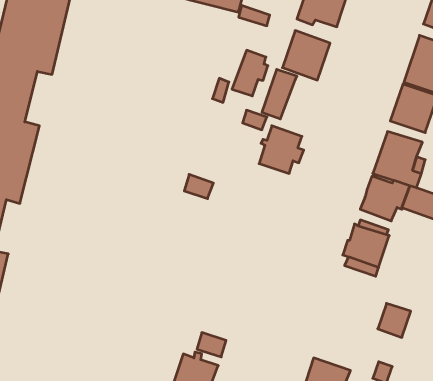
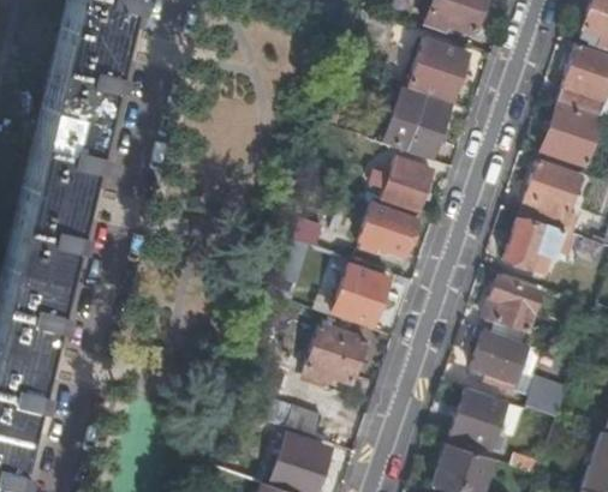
building: [232,50,268,96] -> [406,100,451,156]
building: none -> [359,203,417,253]
building: none -> [332,263,389,326]
building: none -> [305,324,366,383]
building: none -> [470,332,542,394]
building: none -> [449,388,506,448]

